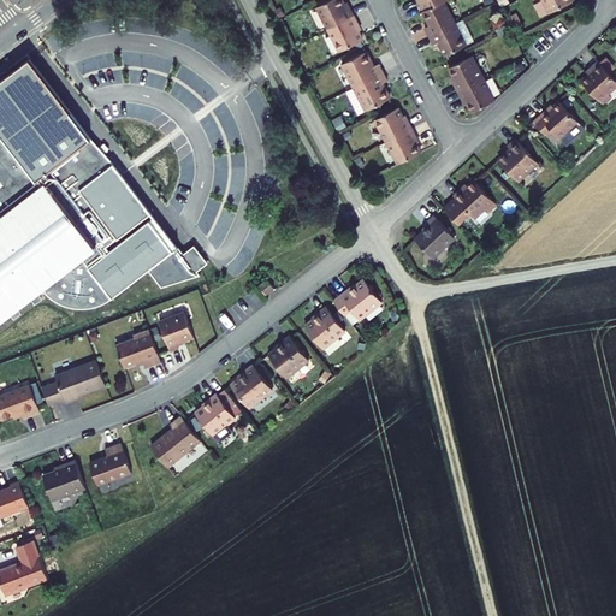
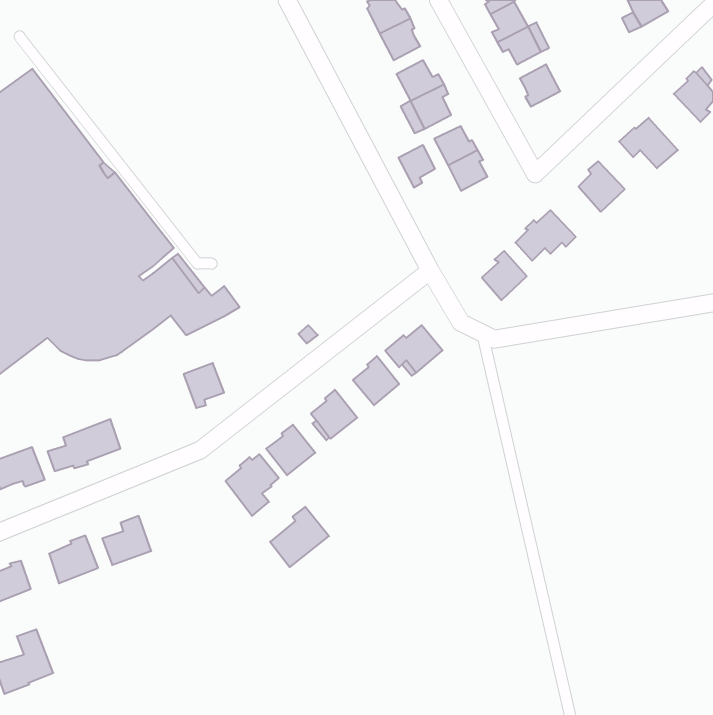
building: [456,79,492,113] -> none
building: none -> [398,145,435,188]
building: [114,331,159,369] -> none
building: [149,416,200,468] -> [270,507,329,567]

